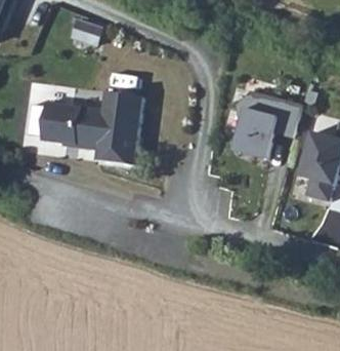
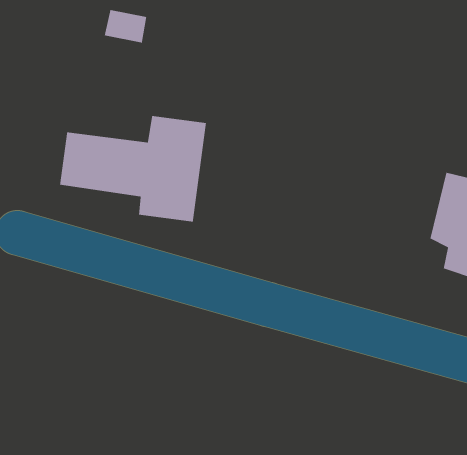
building: [228,92,301,164] -> none

